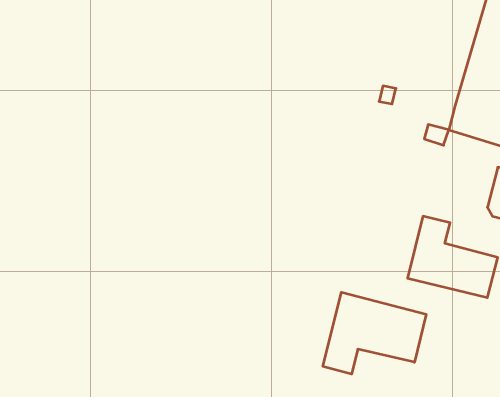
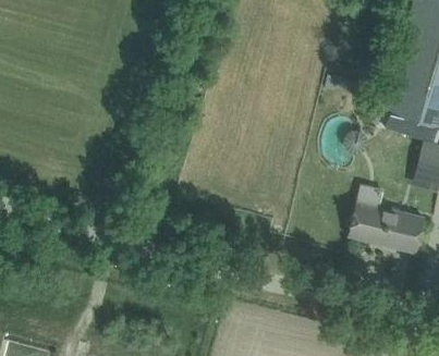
building: [323,292,426,374] -> none

